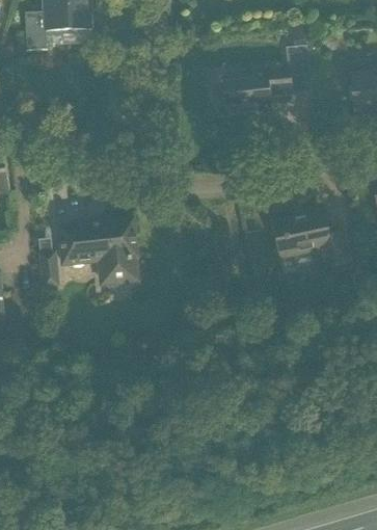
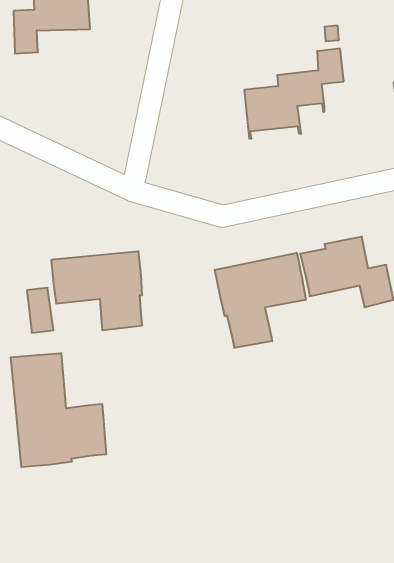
building: none -> [215,253,306,348]
building: none -> [11,353,106,467]

